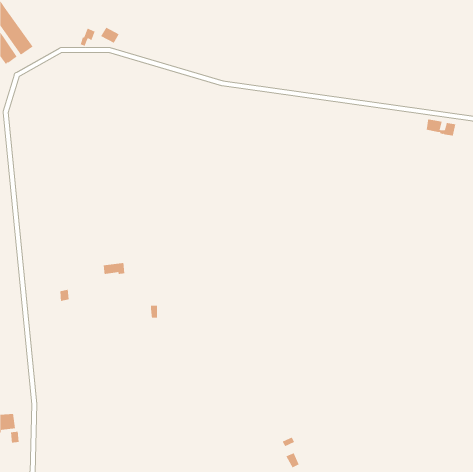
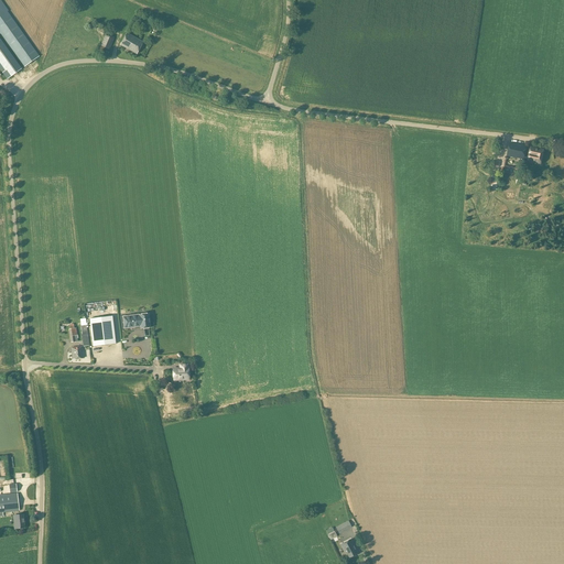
building: none -> [89,314,115,347]

